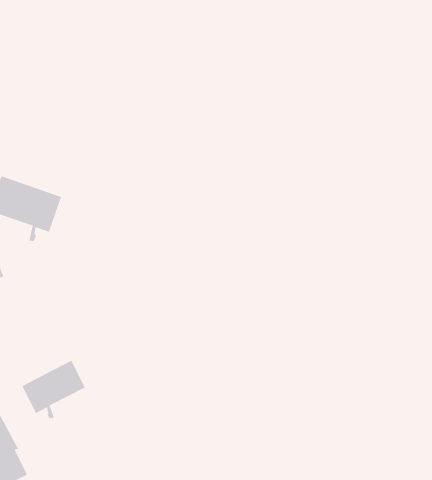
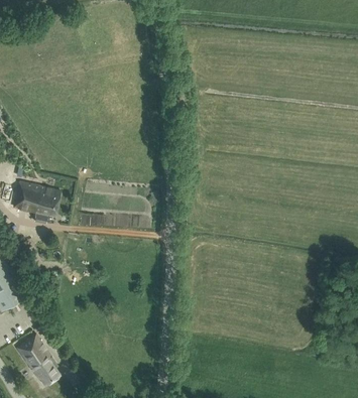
building: [22,360,85,419] -> none

